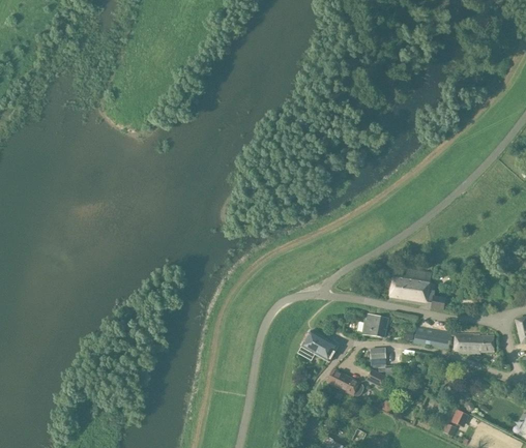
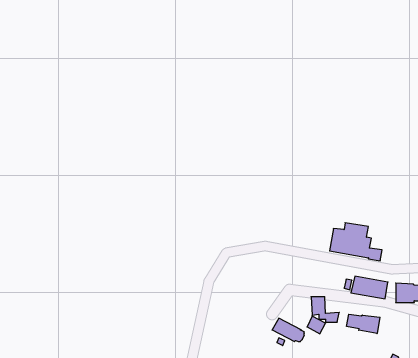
building: [357,313,388,337] -> none
building: [298,330,339,362] -> none
building: none -> [347,314,380,334]

